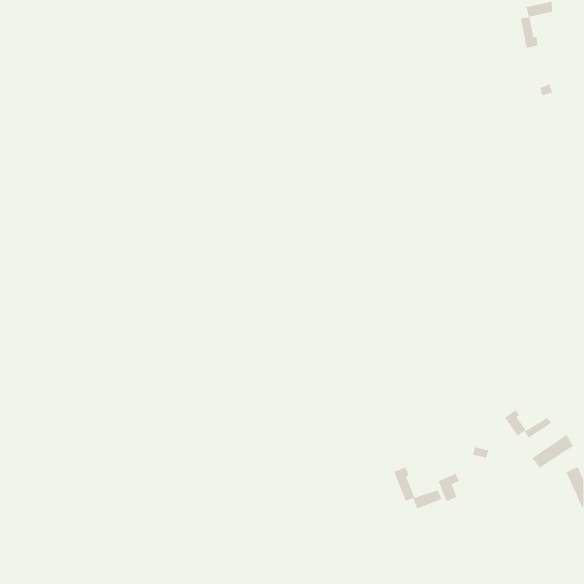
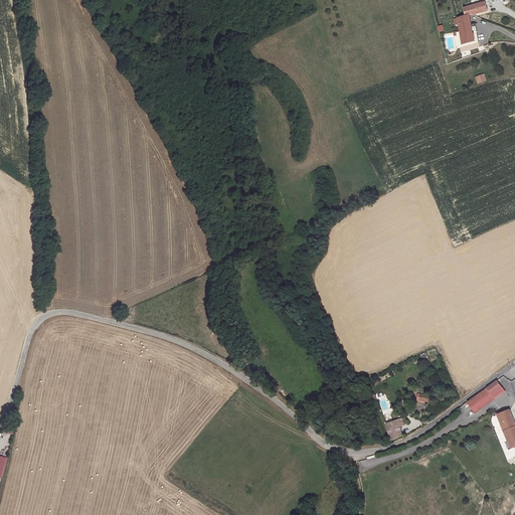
building: [504,410,552,439] -> none
building: [393,466,443,509] -> none

